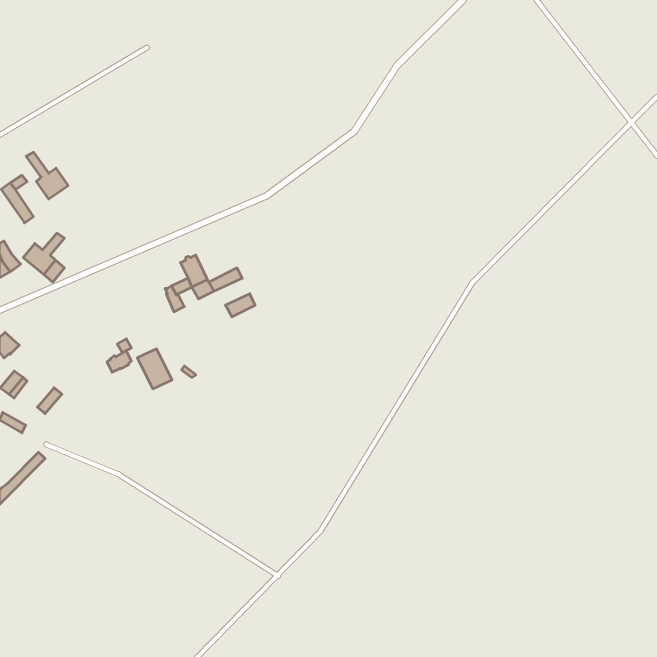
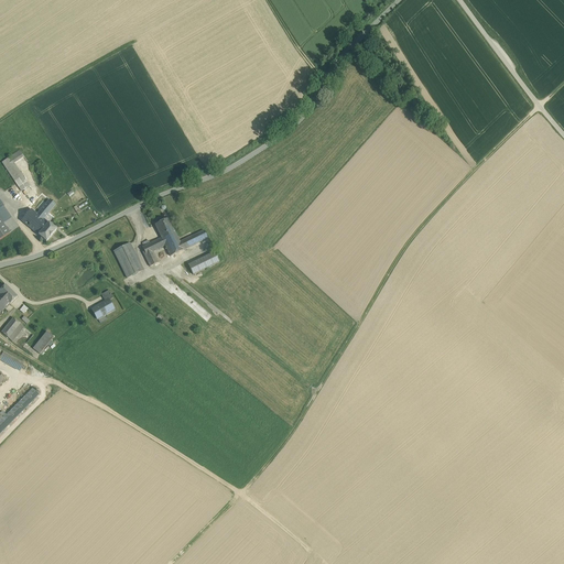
building: [26,152,68,199] -> none
building: [137,349,172,389] -> [112,243,142,278]

